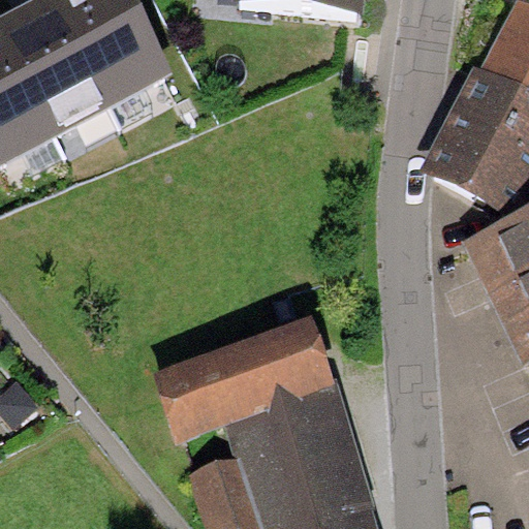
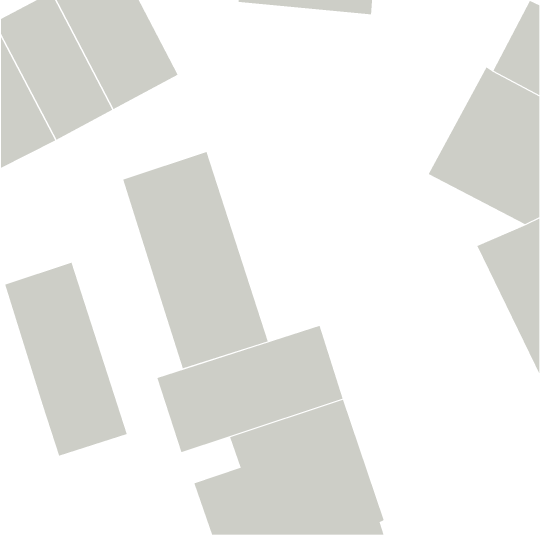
building: none -> [123,151,268,369]
building: none -> [4,262,127,457]

